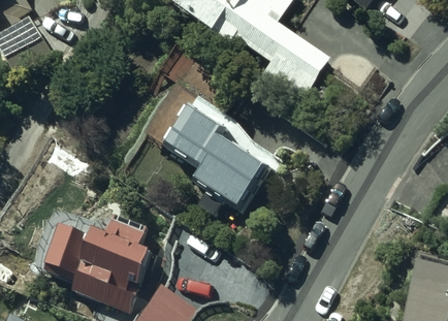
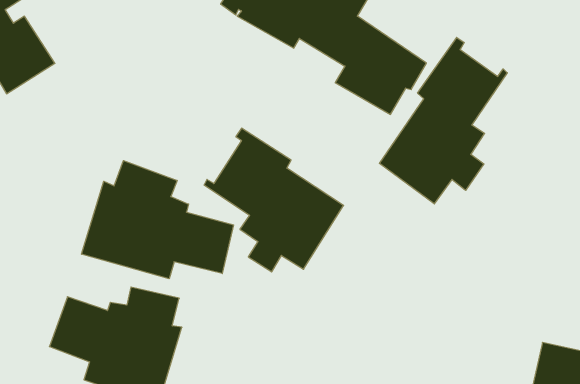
building: none -> [379,37,507,204]
building: none -> [82,161,234,279]

